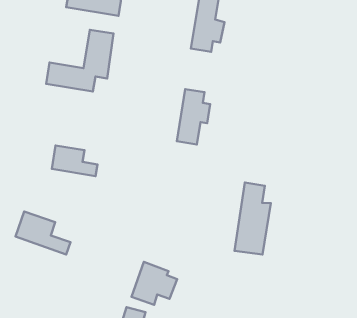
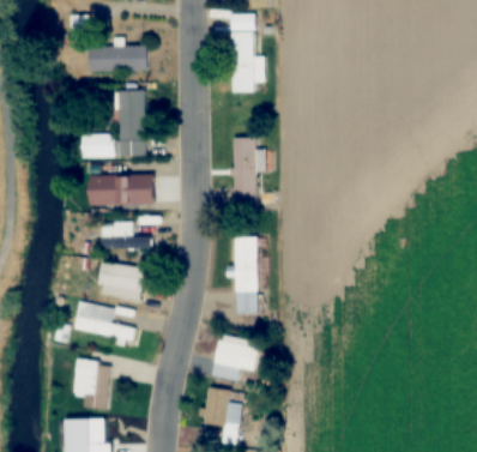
building: none -> [91,173,149,203]
building: [235,183,271,254] -> [235,237,267,314]
building: none -> [101,265,144,297]
building: none -> [73,358,111,408]

